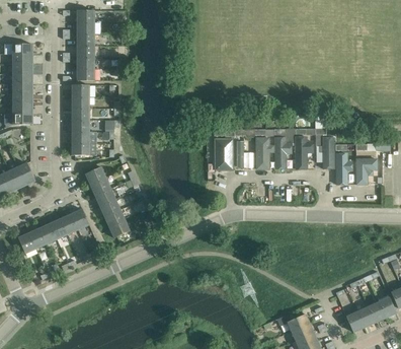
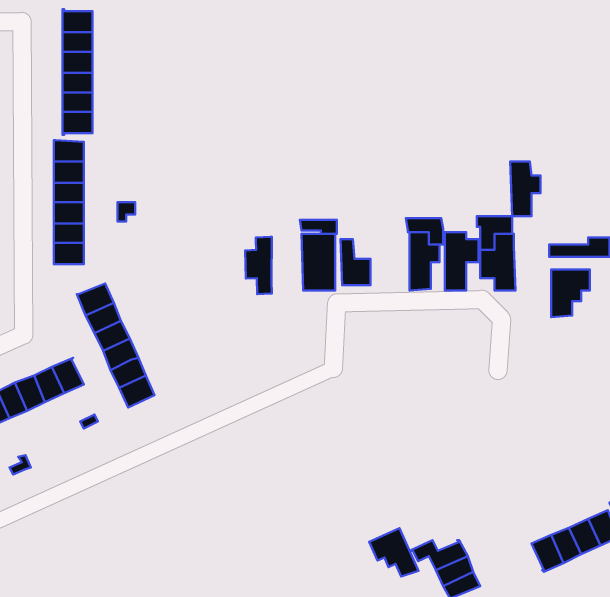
building: [256,137,274,170] -> none
building: none -> [245,237,272,294]
building: [336,153,353,185] -> [510,161,540,216]
building: none -> [369,528,418,577]

